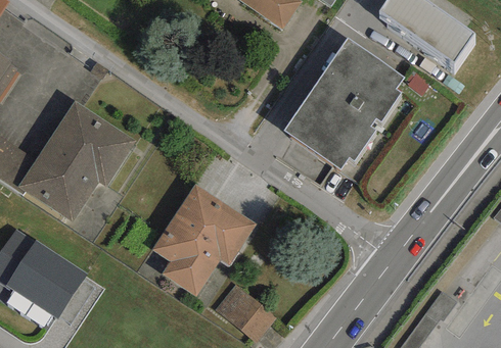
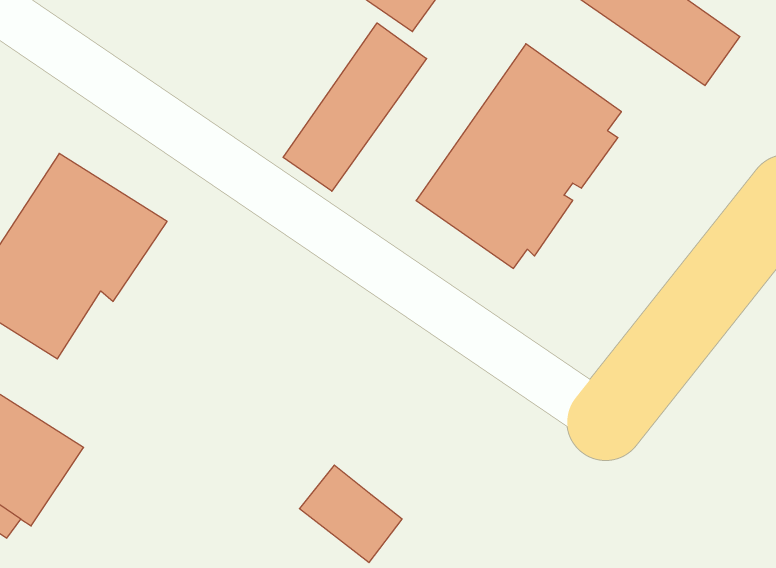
building: none -> [283,23,427,191]
building: [151,184,256,296] -> none

